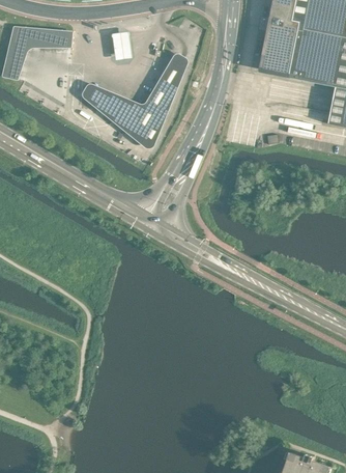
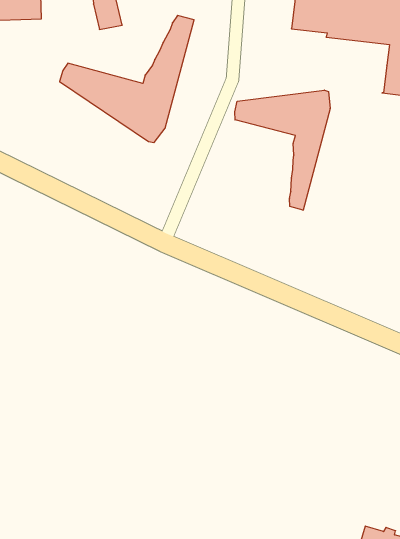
building: none -> [235,90,330,210]

